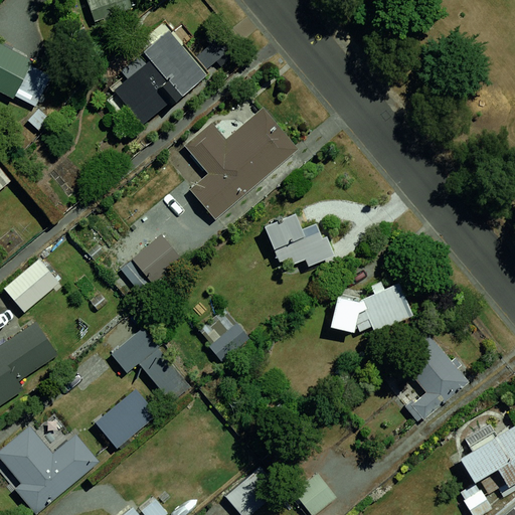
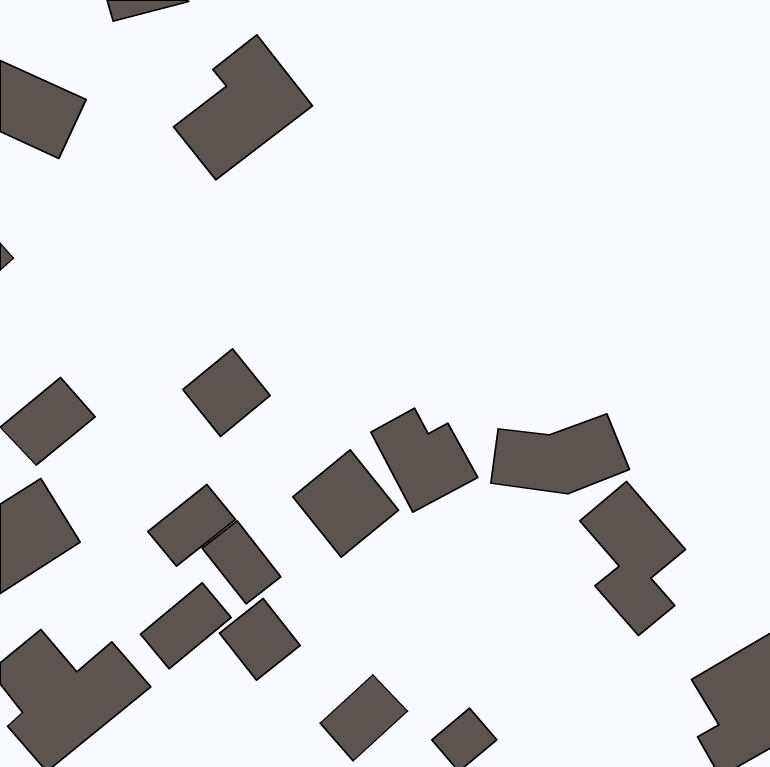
building: [179,111,299,225] -> none
building: [268,210,339,280] -> [371,408,478,512]
building: none -> [220,598,300,680]

